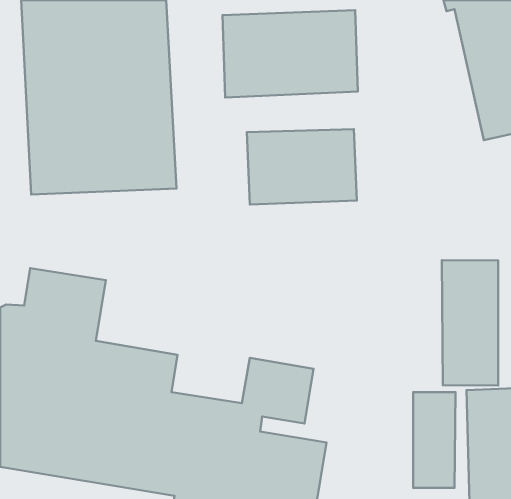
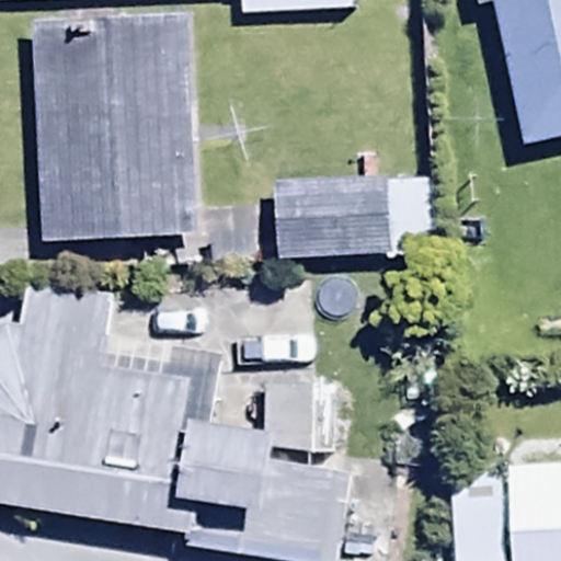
building: [222,10,358,98] -> none
building: [442,260,498,386] -> none

